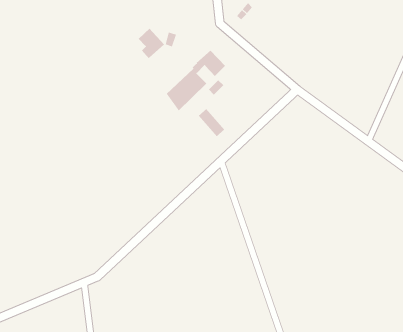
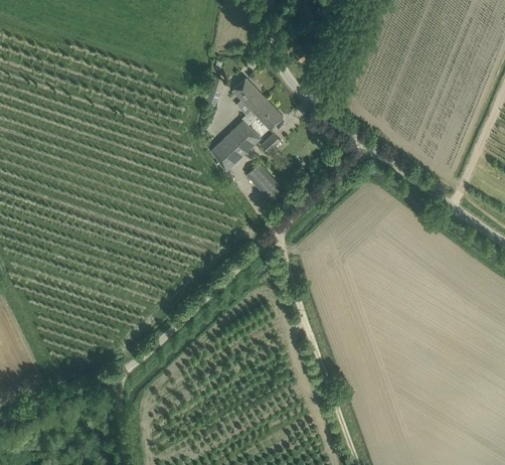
building: [138,28,165,59] -> [232,78,265,115]

